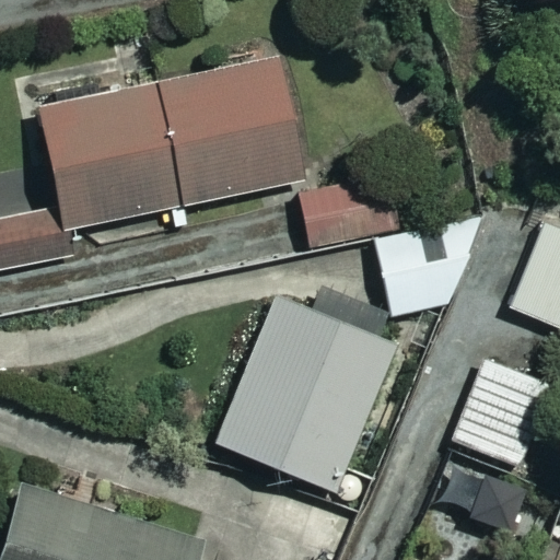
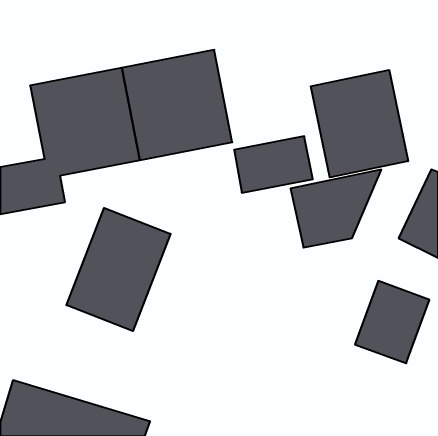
building: none -> [311,70,408,177]
building: none -> [66,208,171,331]
building: [218,300,400,493] -> none

